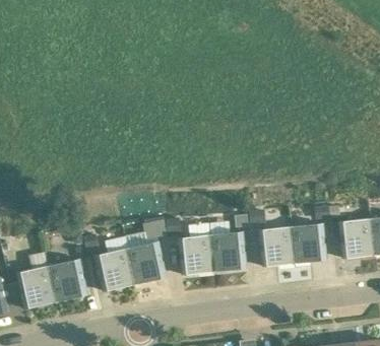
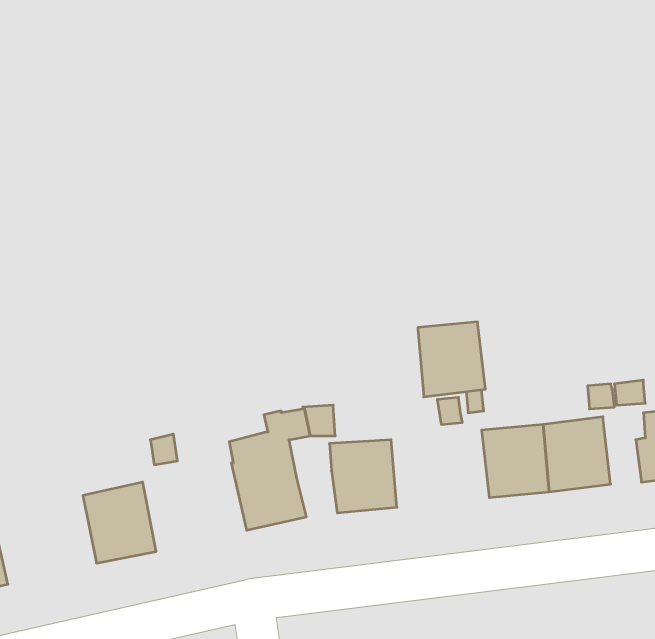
building: [211,231,247,271] -> [418,322,485,397]
building: [97,248,135,290] -> none
building: [17,265,56,307] -> none

